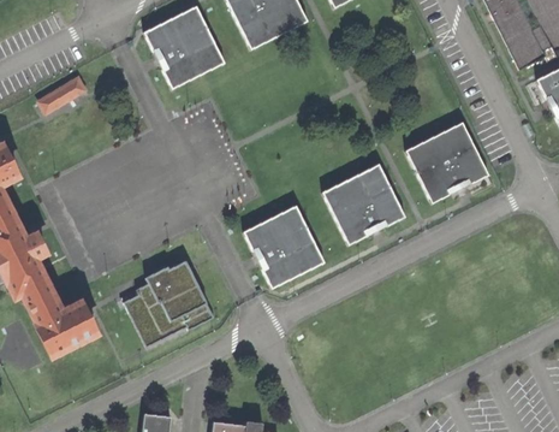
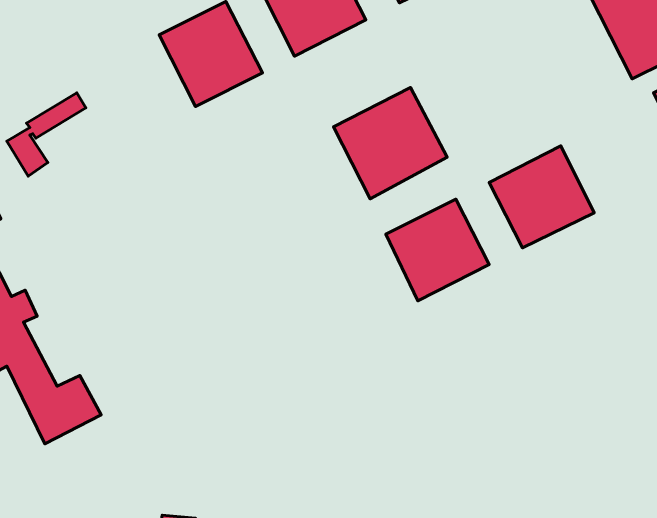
building: none -> [333,88,447,199]
building: [243,205,323,286] -> none
building: [131,256,220,342] -> none

